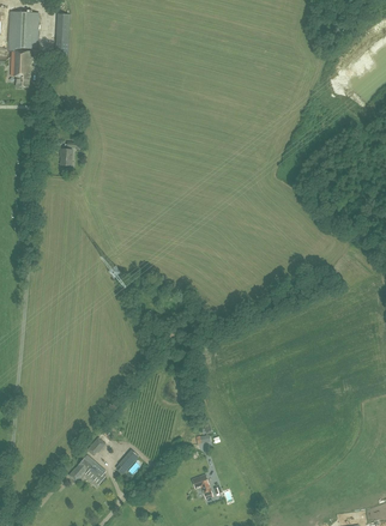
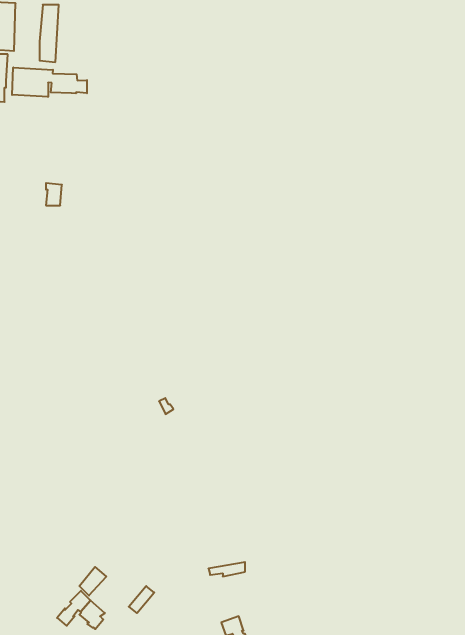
building: none -> [12,67,87,97]

